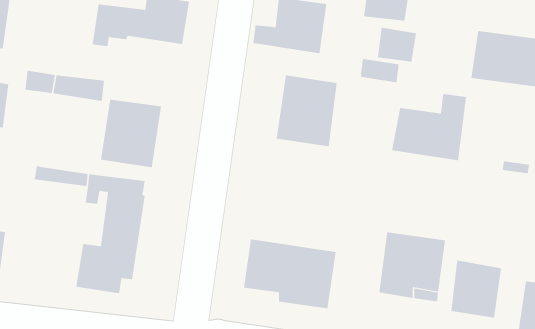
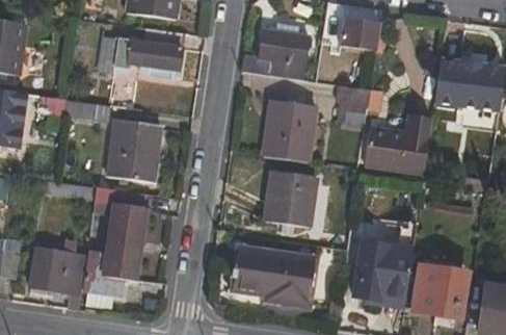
building: [377,27,417,62] -> [335,101,370,132]
building: none -> [264,170,317,227]
building: none -> [29,241,86,310]

